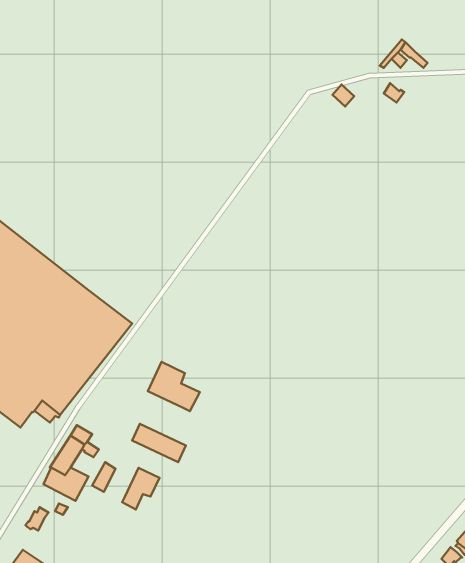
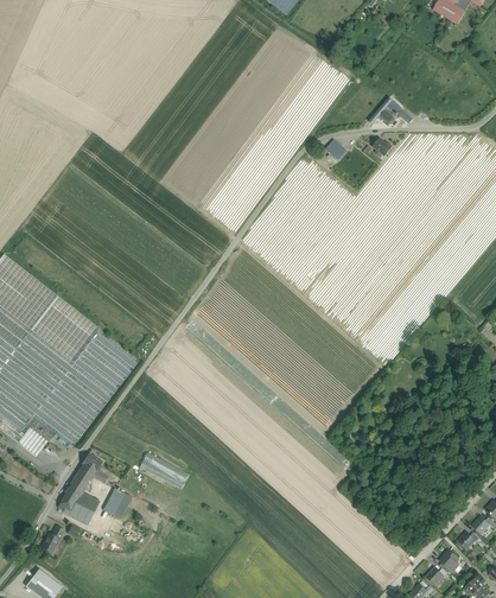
building: [148,362,200,411] -> none
building: [122,468,160,510] -> none

